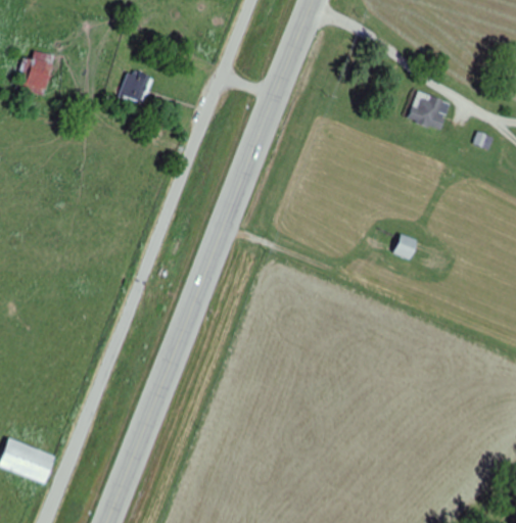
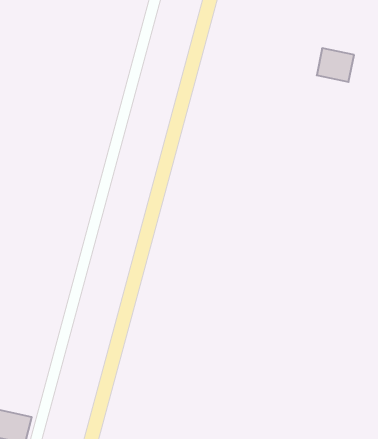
building: [119,67,151,104] -> none
building: [394,233,419,259] -> none

